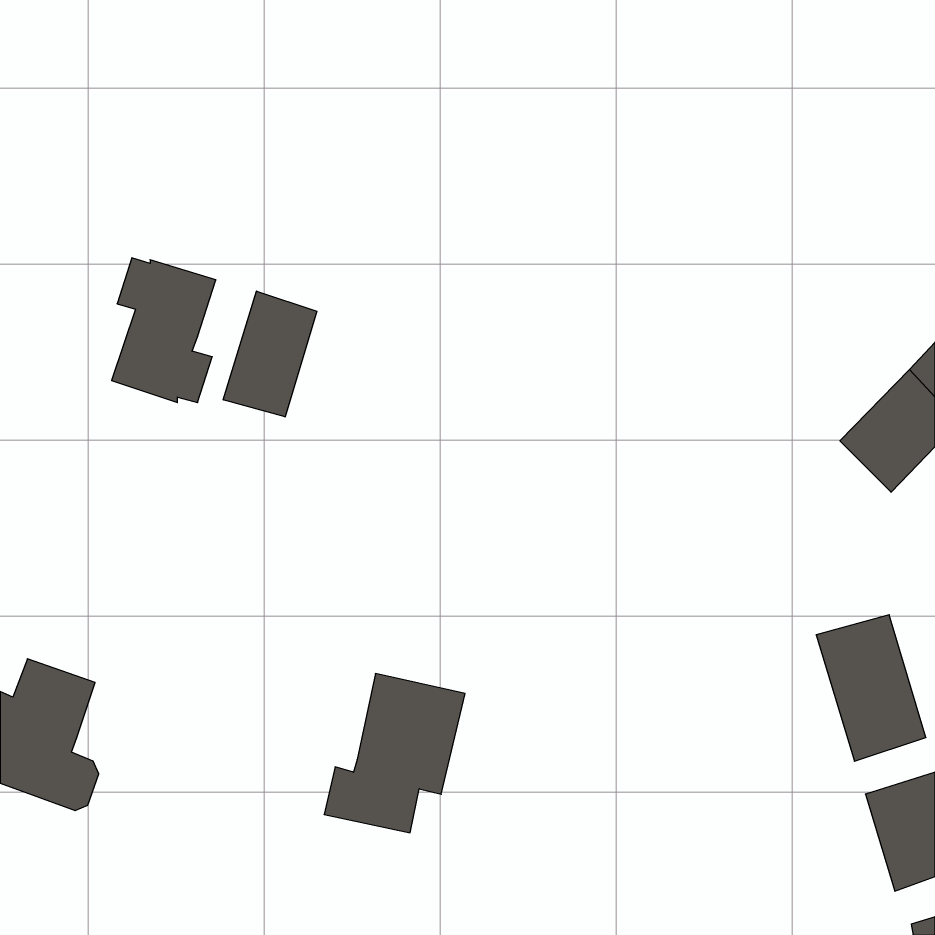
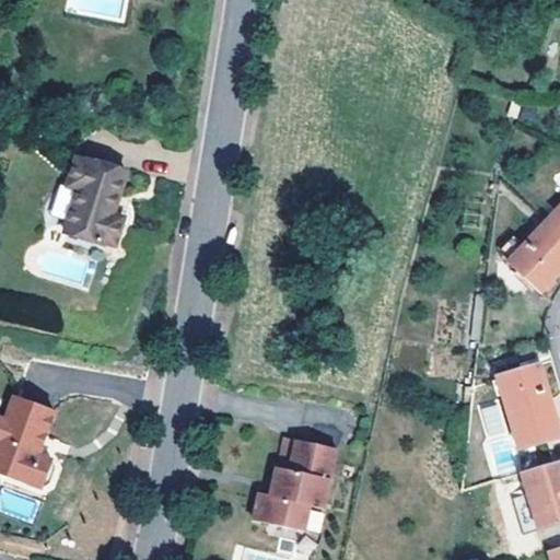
building: [223,291,317,417] -> none
building: [324,674,465,833] -> [256,431,340,526]

